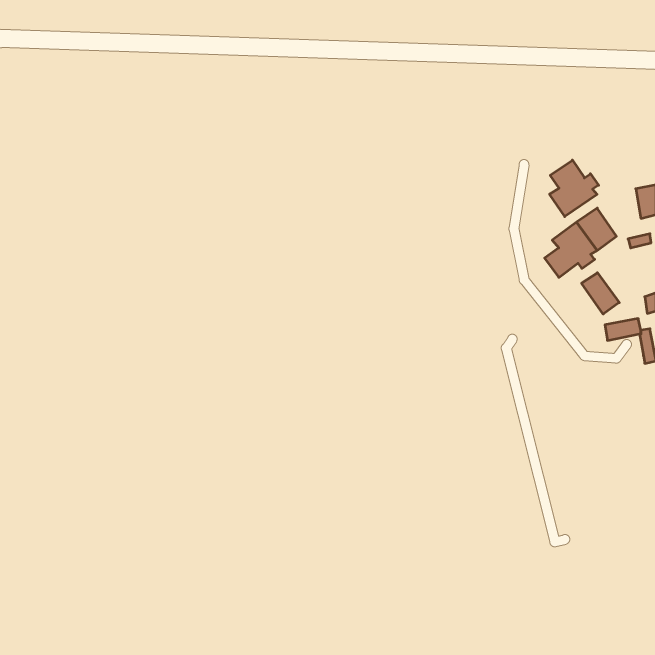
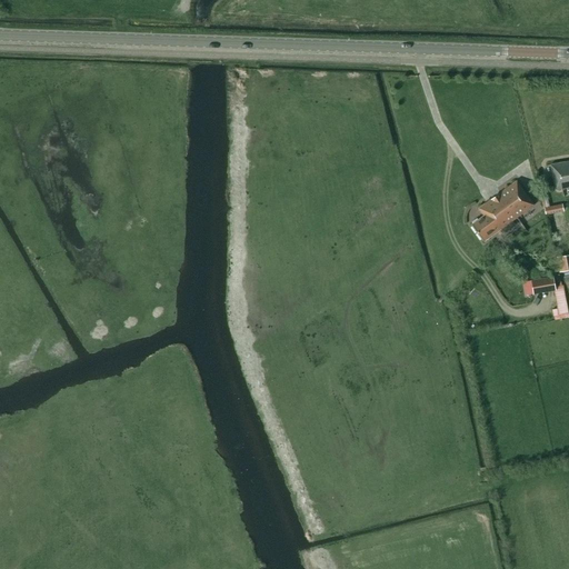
building: [550,160,599,217] -> none
building: [582,273,619,314] -> none

